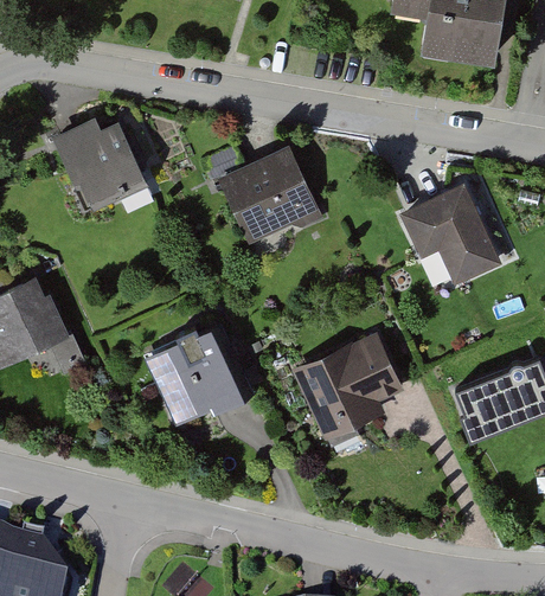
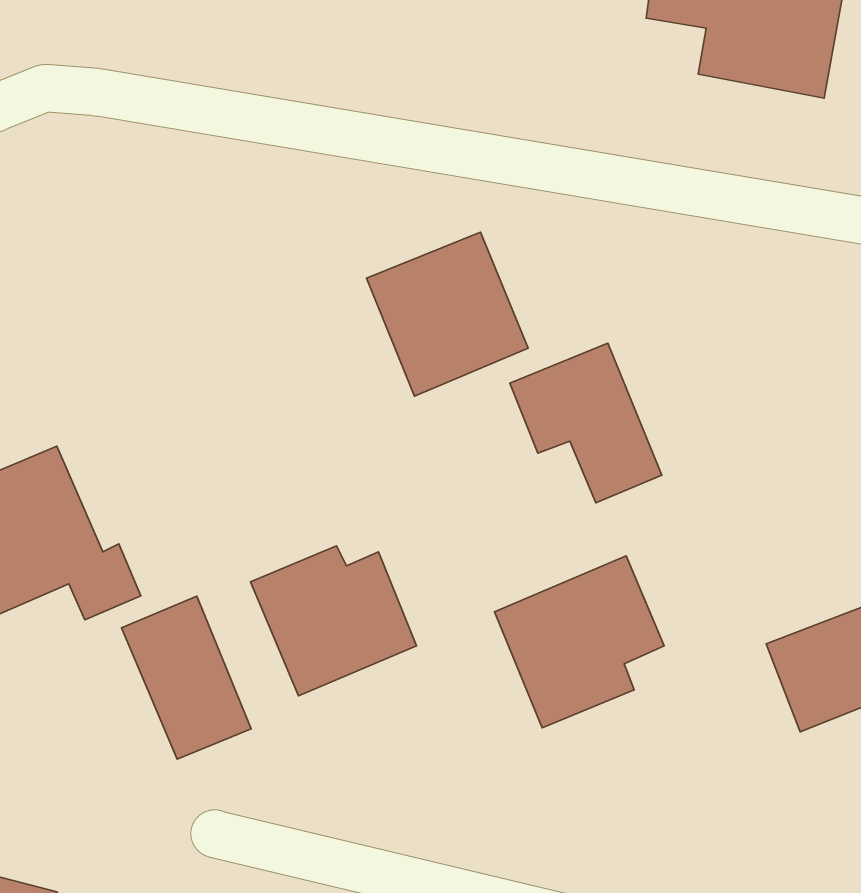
building: [53,114,149,209] -> none
building: [402,188,492,283] -> [510,343,662,503]
building: none -> [122,596,251,759]

